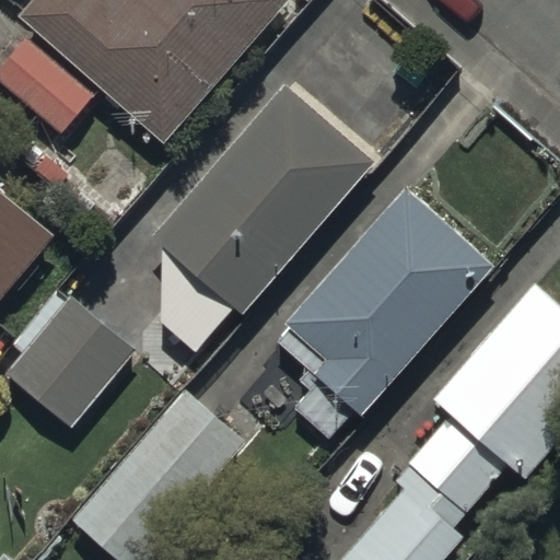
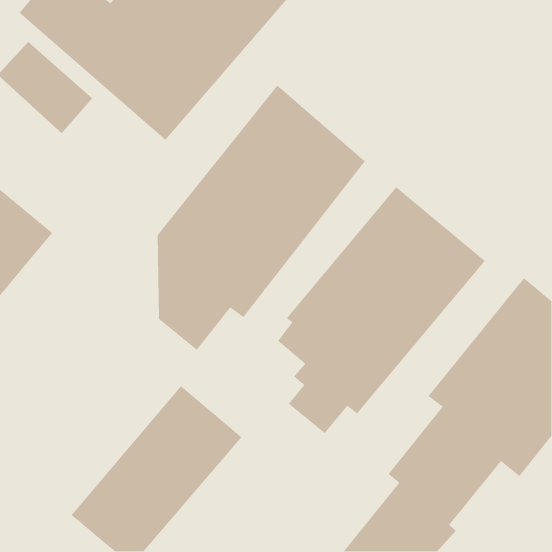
building: [4,289,136,429] -> none

